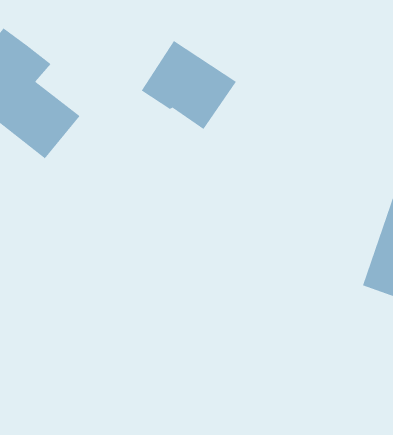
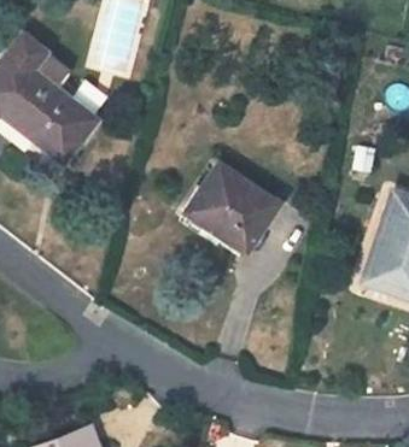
building: [141,40,237,130] -> [187,164,279,249]

